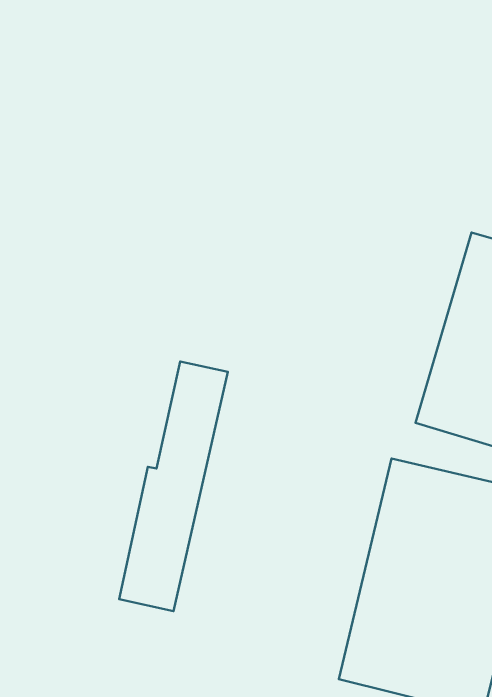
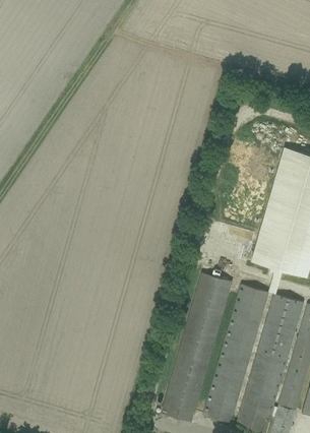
building: [119,362,228,611] -> [163,273,228,423]

